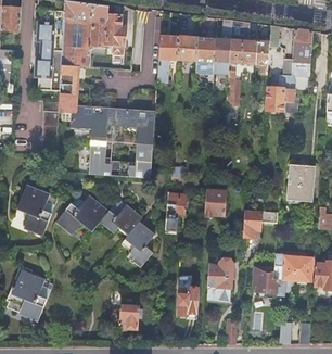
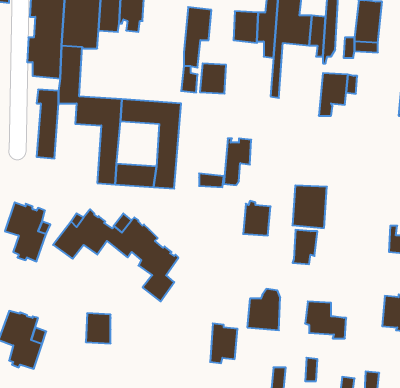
building: [177,36,197,60] -> [200,63,226,94]
building: [288,166,315,200] -> [292,185,327,228]
building: [165,192,187,229] -> [224,138,251,185]
building: [273,252,314,280] -> none
building: [118,304,138,328] -> [86,313,111,343]

